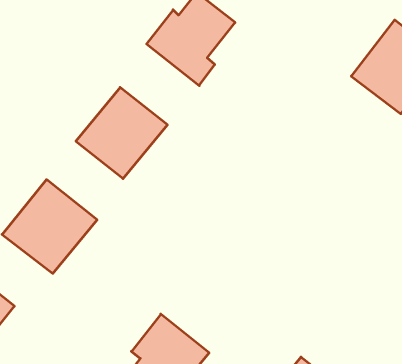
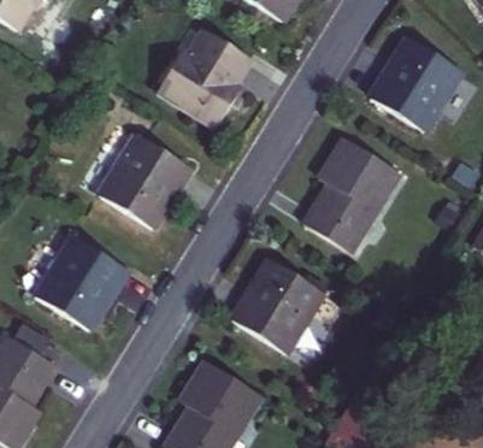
building: none -> [305,137,395,254]
building: none -> [232,259,322,350]

